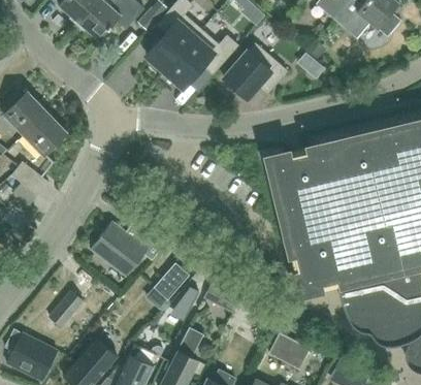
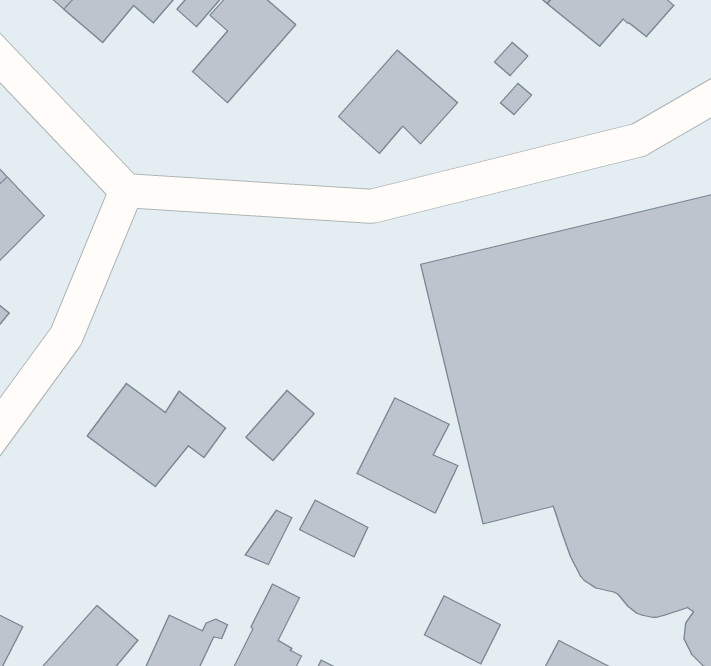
building: [164,31,236,89] -> none
building: none -> [357,398,458,513]
building: [153,263,189,300] -> [246,390,314,461]
building: [48,292,83,328] -> none

